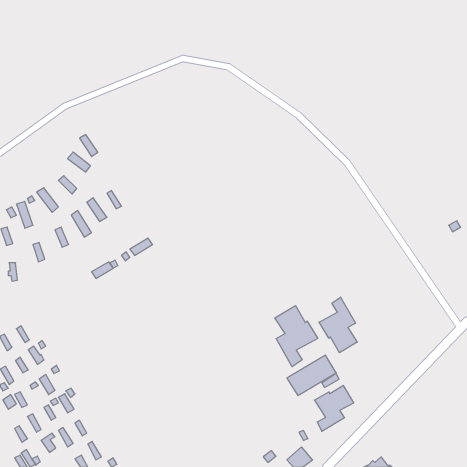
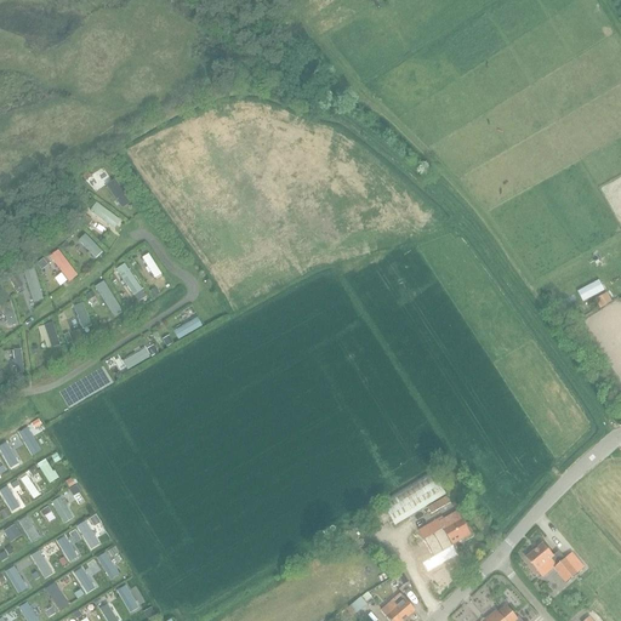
building: [319,297,357,353] -> none
building: [275,306,318,367] -> none
building: none -> [525,542,583,582]

